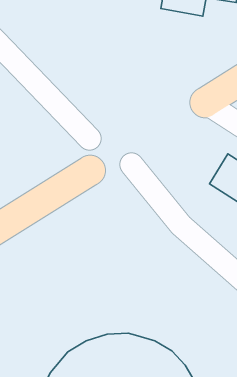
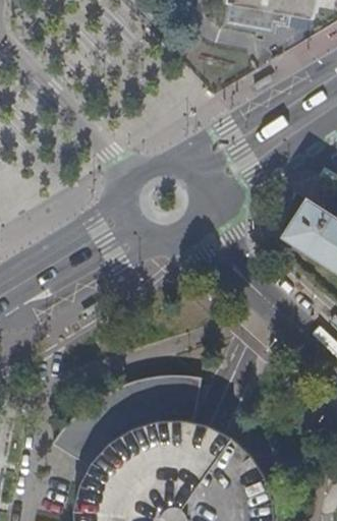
building: none -> [64,377,201,465]

